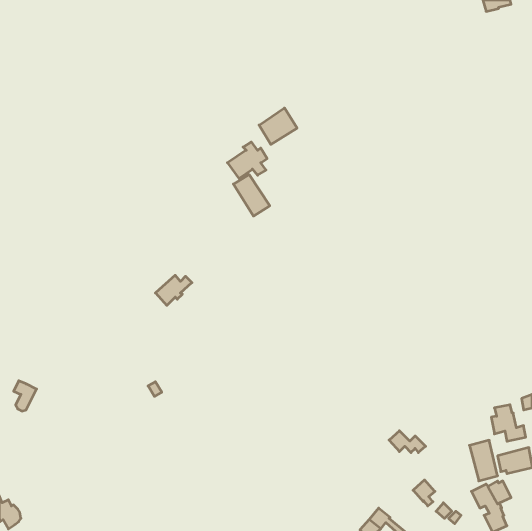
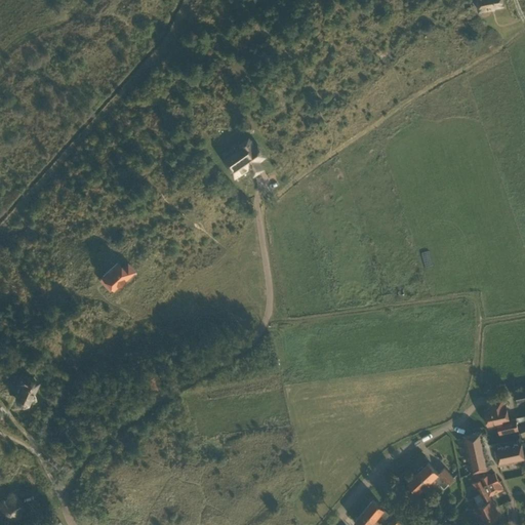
building: [259,108,297,144] -> none
building: [233,175,270,216] -> none
building: [155,275,192,305] -> [97,265,133,294]
building: [389,431,426,453] -> [417,465,453,486]

